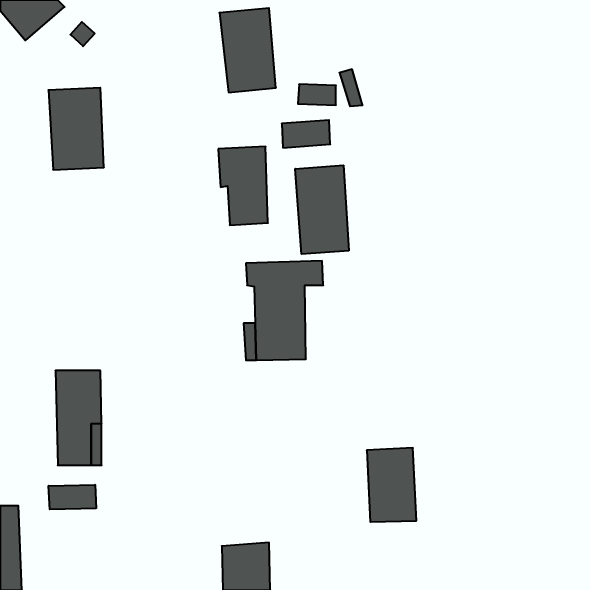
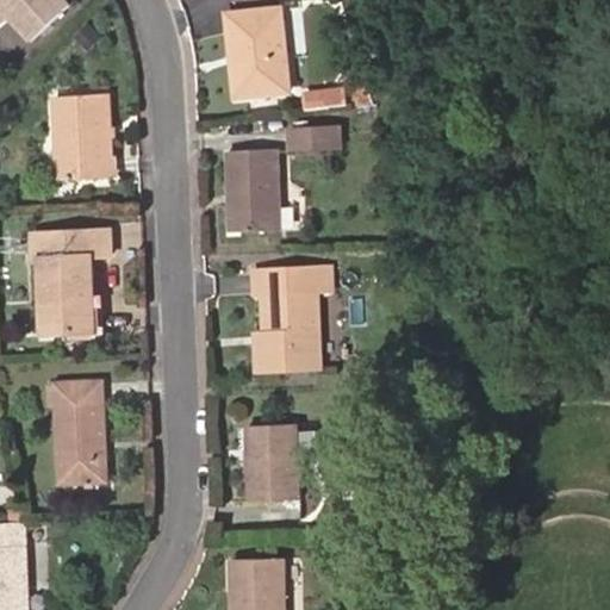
building: [295,165,349,254] -> none
building: none -> [29,230,100,329]
building: [367,448,416,522] -> [245,425,297,502]
building: [49,485,96,509] -> none

